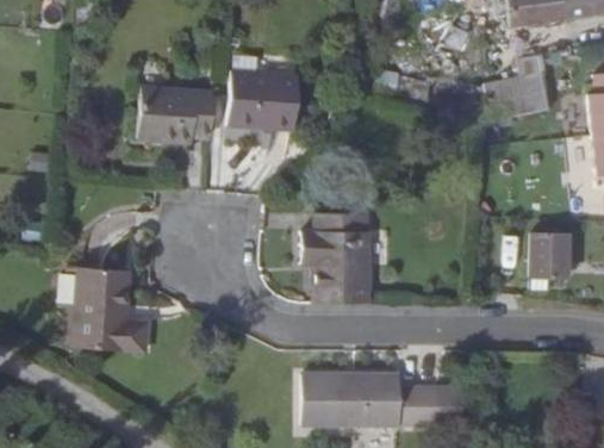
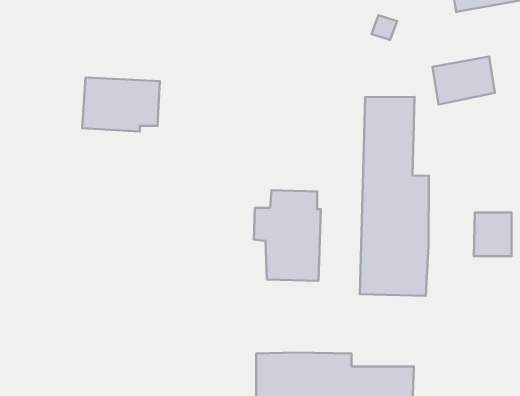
building: [229,74,297,130] -> none
building: none -> [360,97,429,296]
building: [83,274,154,355] -> none

